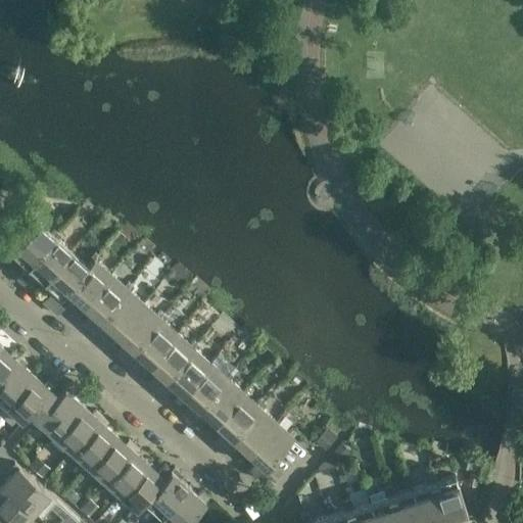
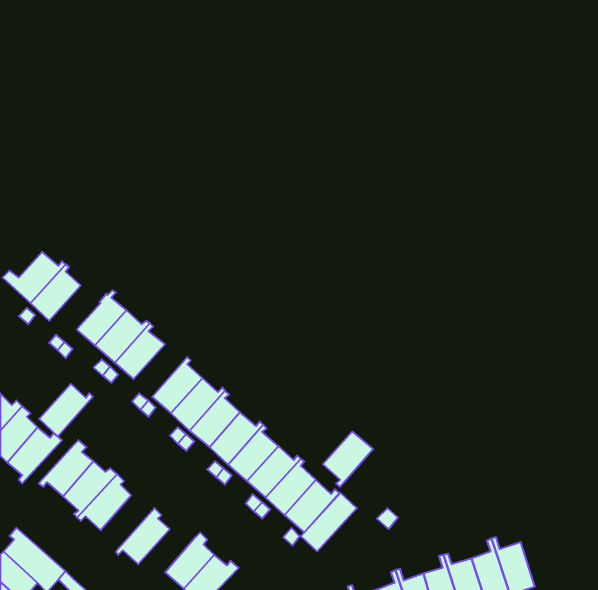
building: [43,256,88,302] -> none
building: [116,307,163,353] -> [39,384,93,437]
building: none -> [323,432,373,487]
building: [88,439,135,488] -> none
building: [121,469,171,518] -> none

